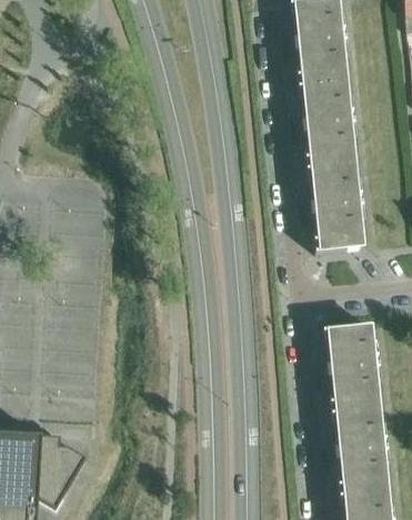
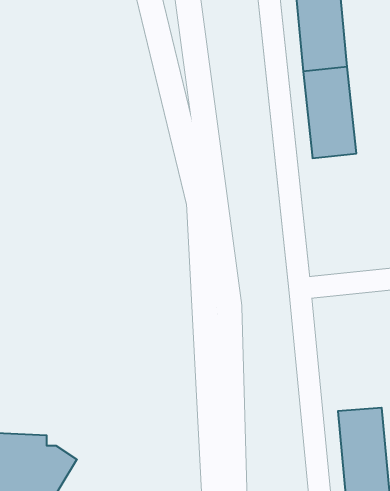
building: [313,166,363,254] -> none
building: [324,327,380,414] -> none

